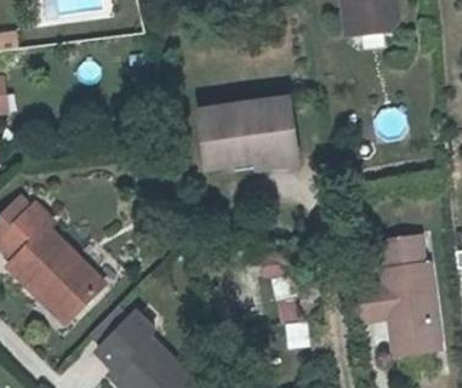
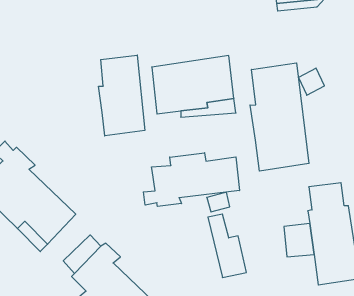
building: none -> [99,55,145,136]
building: none -> [250,63,309,171]
building: none -> [143,153,239,206]

